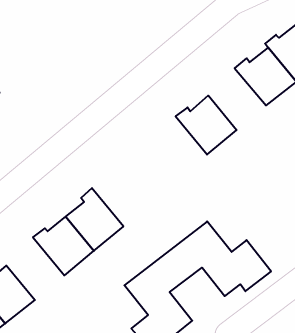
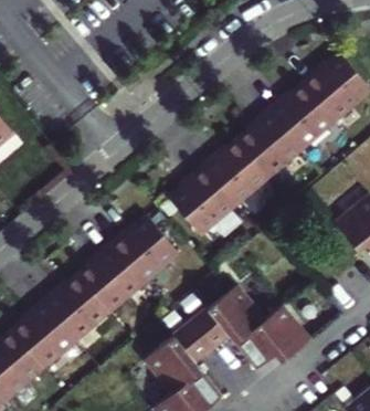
building: none -> [237,109,303,179]
building: none -> [168,164,236,236]
building: none -> [107,219,179,287]
building: none -> [11,299,76,370]

